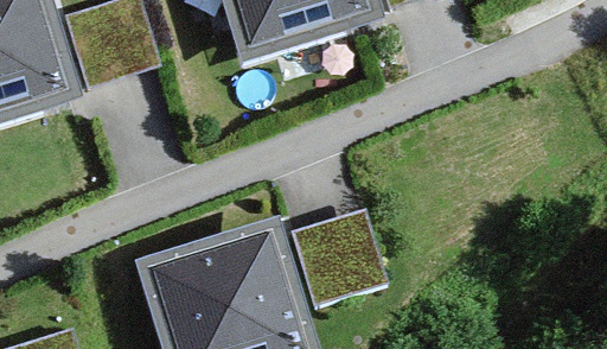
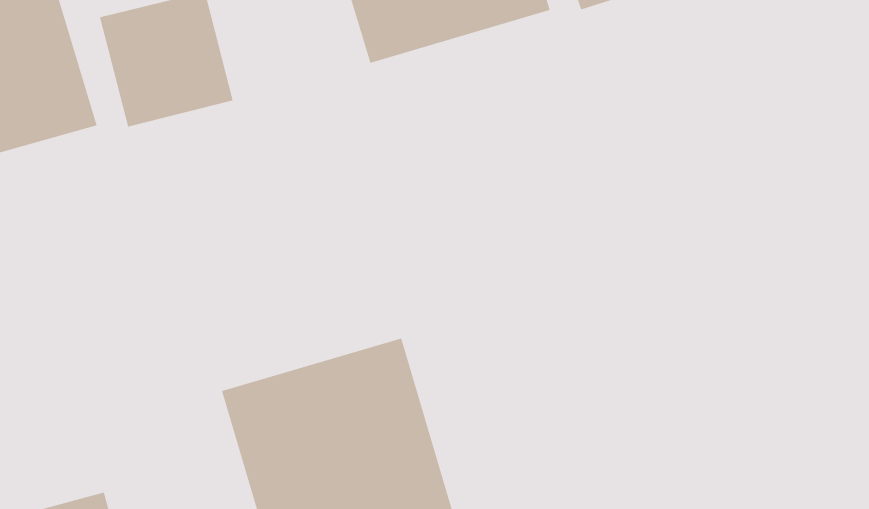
building: [293,215,384,306] -> none

